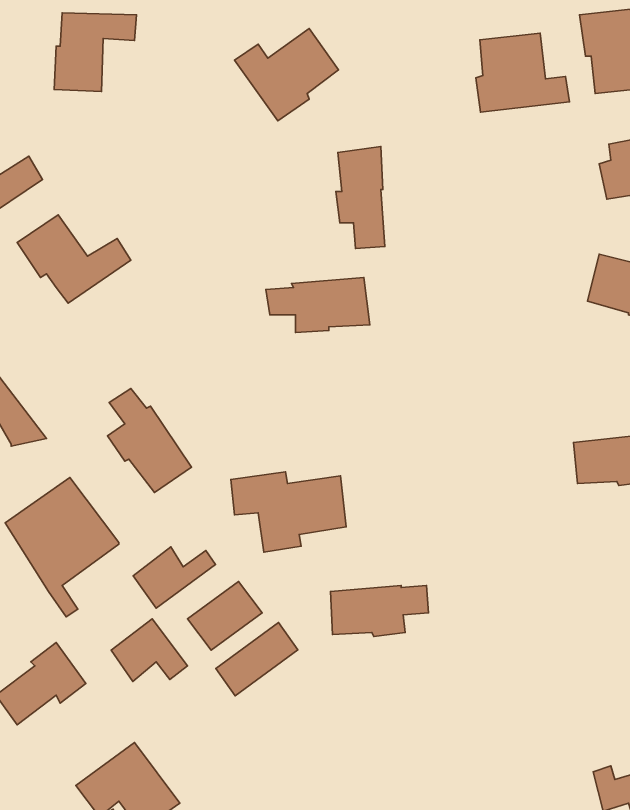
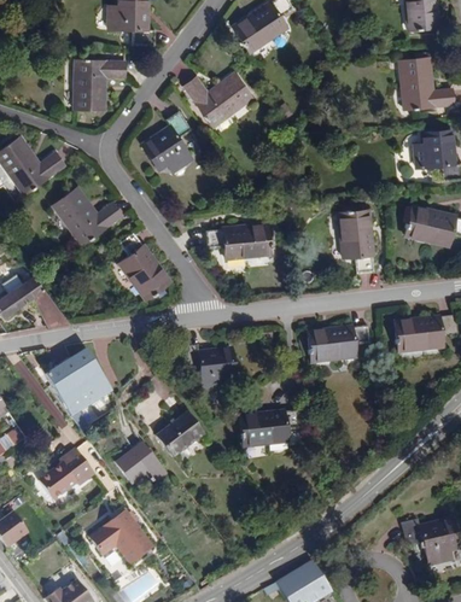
building: [476,33,569,112] -> none
building: none -> [140,111,189,173]
building: [336,146,385,248] -> [340,212,370,275]
building: [107,389,192,493] -> [117,230,169,294]
building: none -> [305,332,367,363]
building: [133,547,216,608] -> none
building: [216,623,298,696] -> none

